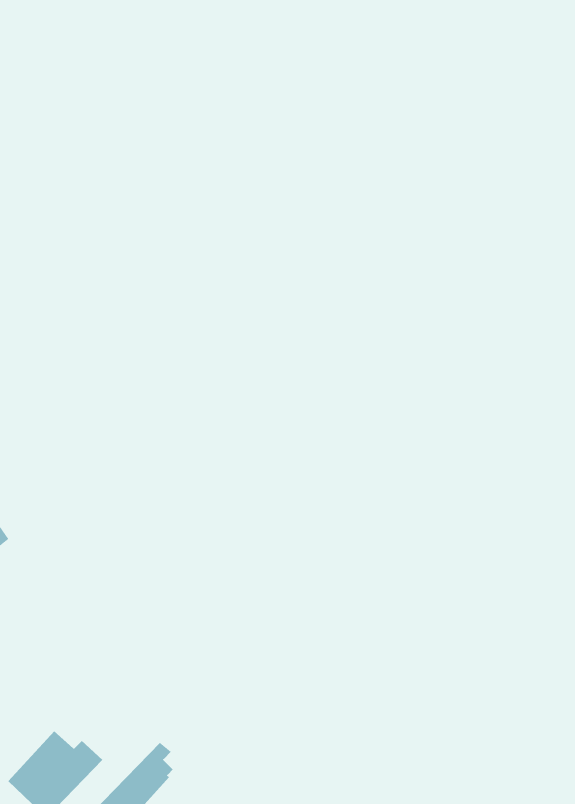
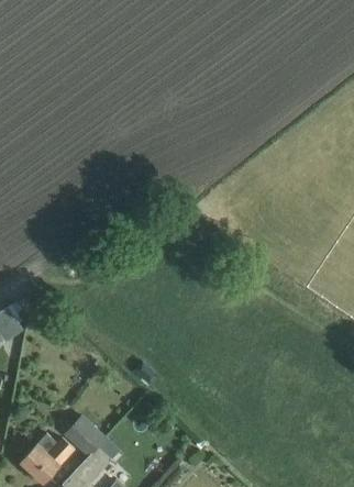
building: none -> [65,416,107,456]

